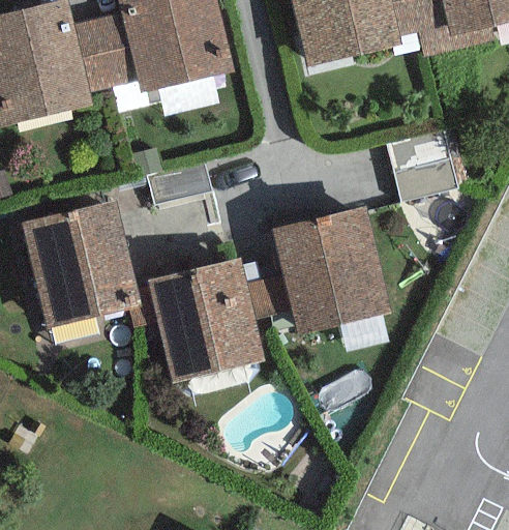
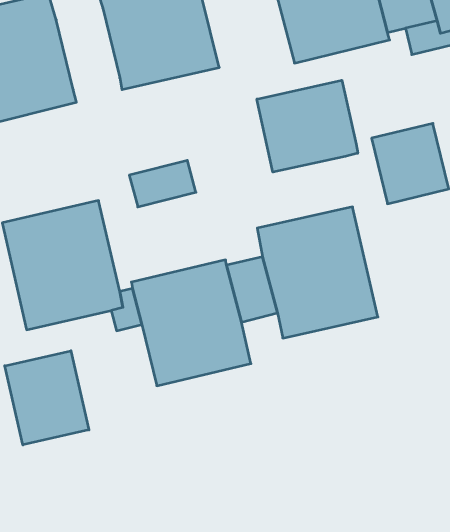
building: [74,12,137,92] -> none
building: none -> [257,80,358,172]
building: none -> [5,351,89,445]

